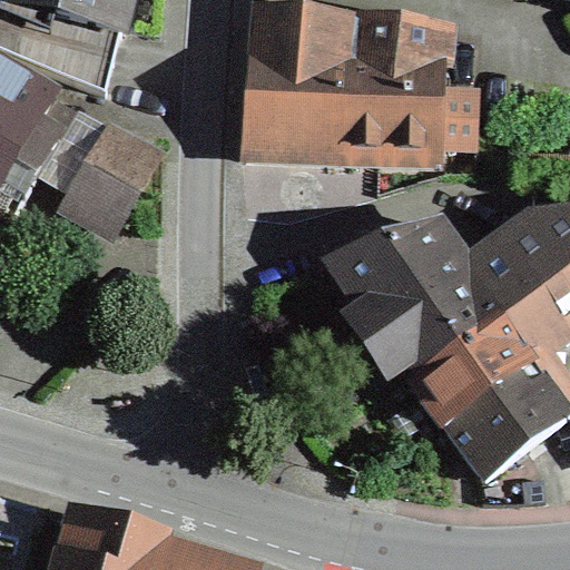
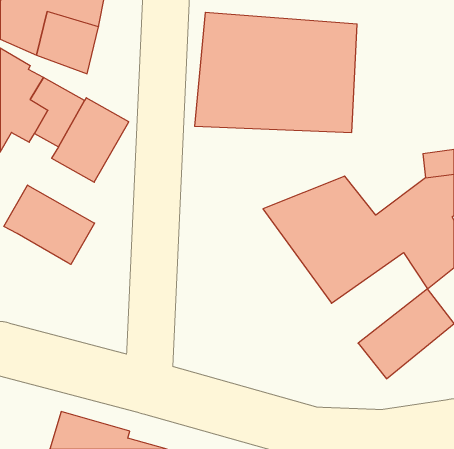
building: none -> [4,185,95,264]
building: [415,316,535,430] -> none

